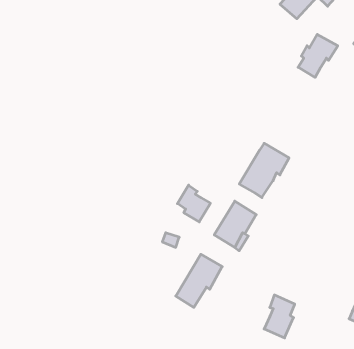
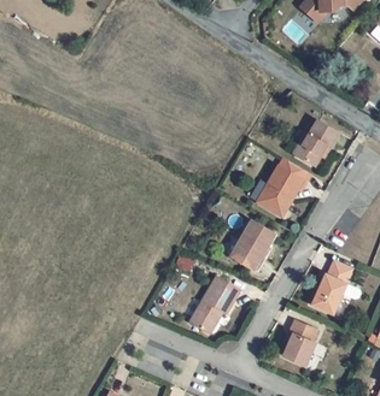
building: [298,34,338,77] -> [297,119,339,165]
building: [177,185,210,222] -> none
building: none -> [312,260,361,313]

